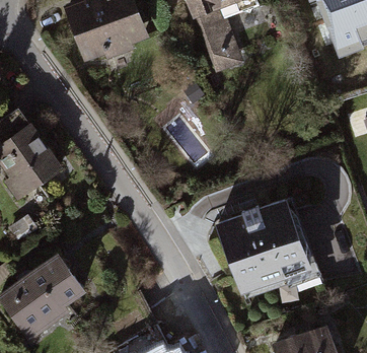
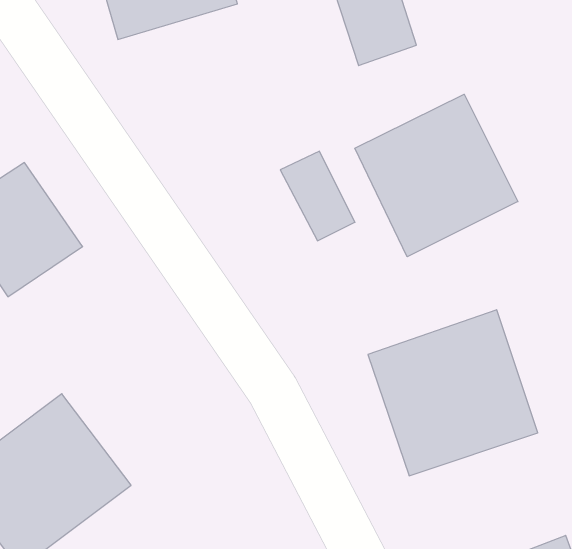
building: none -> [355,94,518,257]

